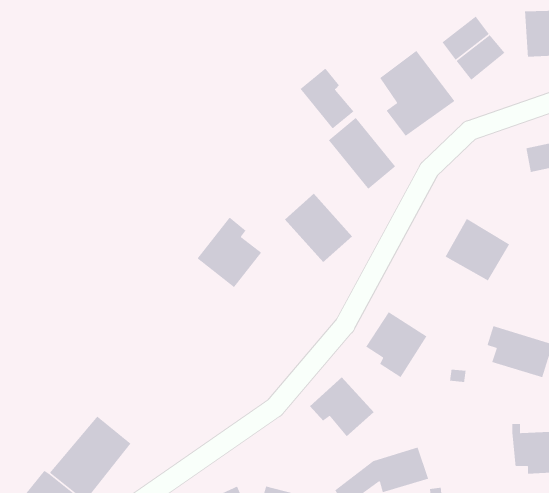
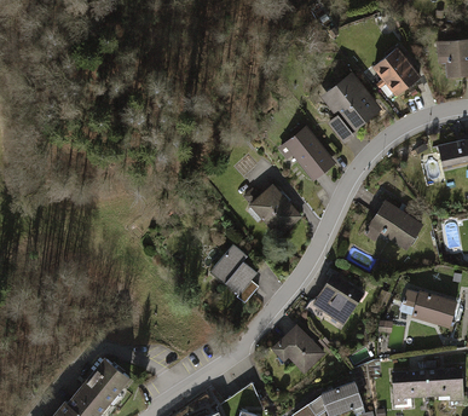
building: [299,68,355,130] -> none
building: [197,217,262,288] -> [209,244,260,300]
building: none -> [394,369,431,408]

